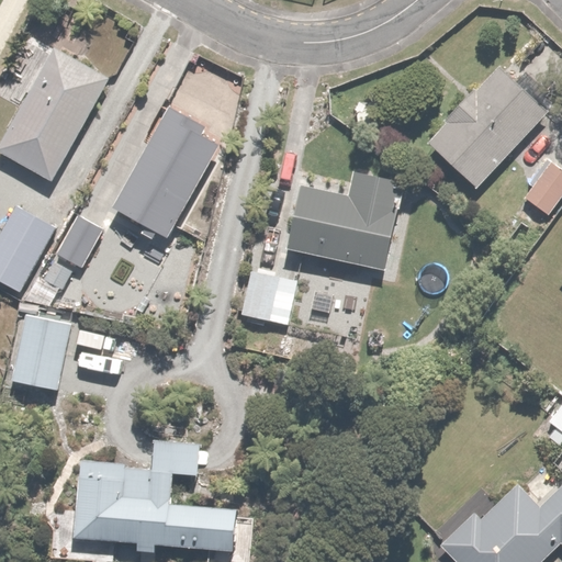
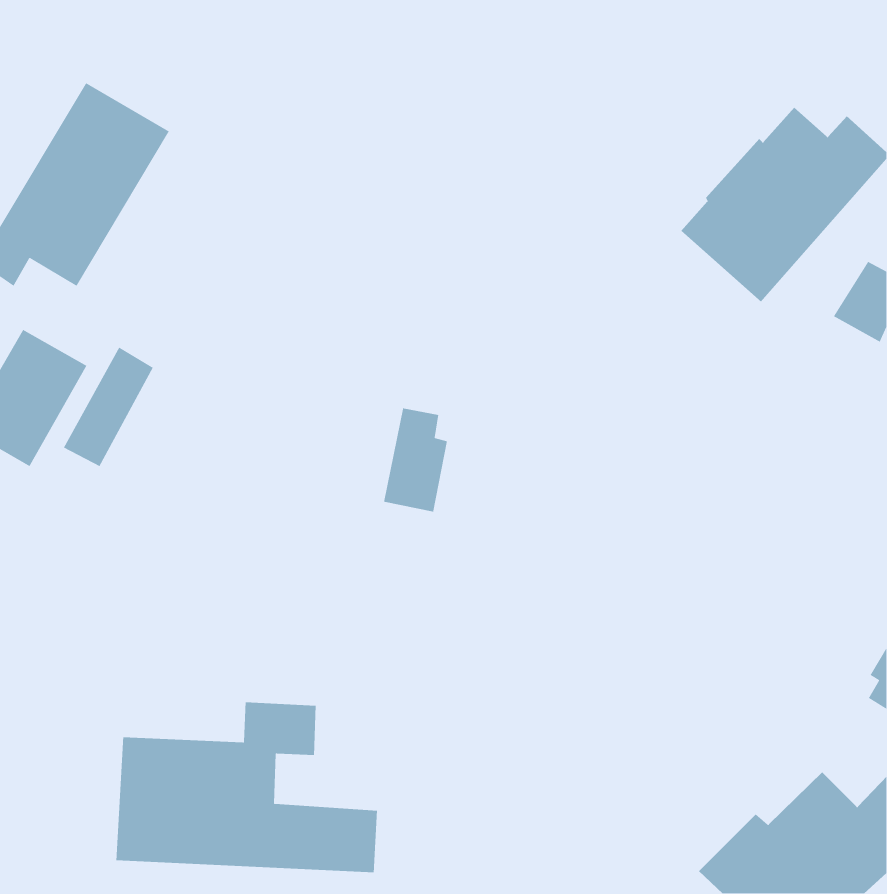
building: [111,103,221,239] -> none
building: [288,172,397,269] -> none
building: [10,312,72,391] -> none

